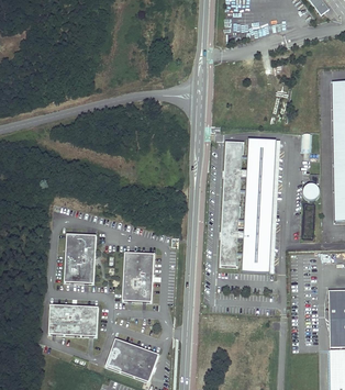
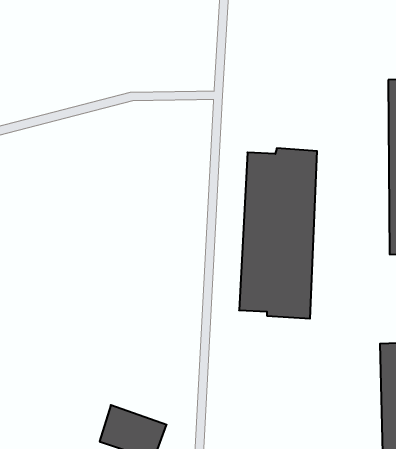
building: [69,232,101,280] -> none
building: [122,250,154,299] -> none
building: [49,303,97,336] -> none

